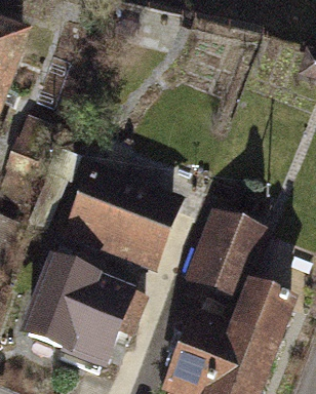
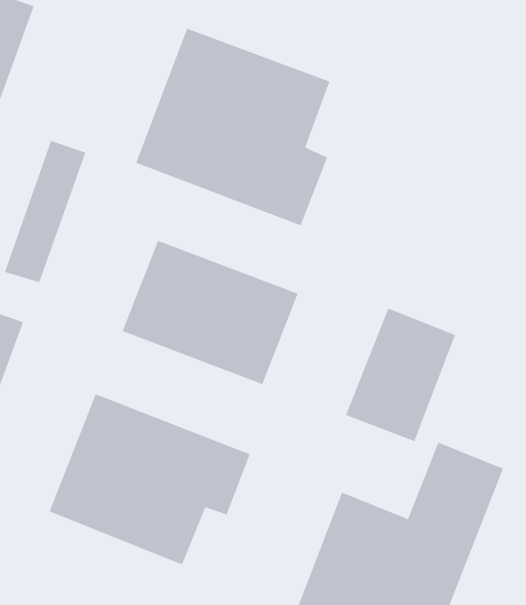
building: none -> [136,28,330,226]

